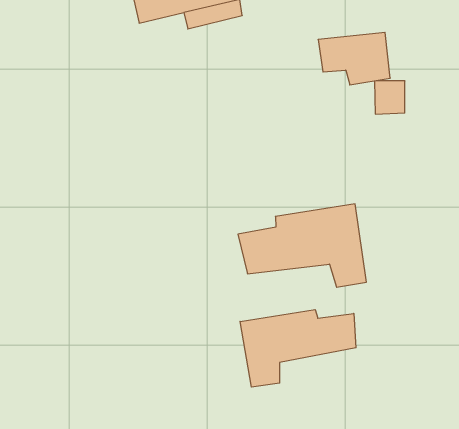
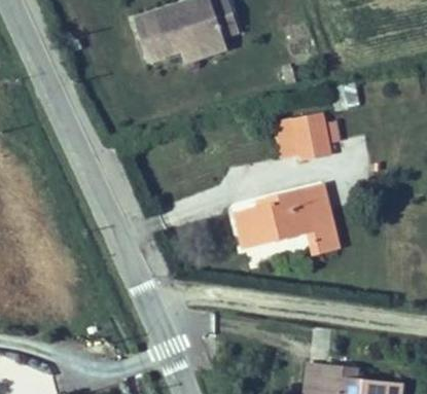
building: [318,32,390,85] -> [272,117,330,160]
building: [240,310,356,387] -> none

